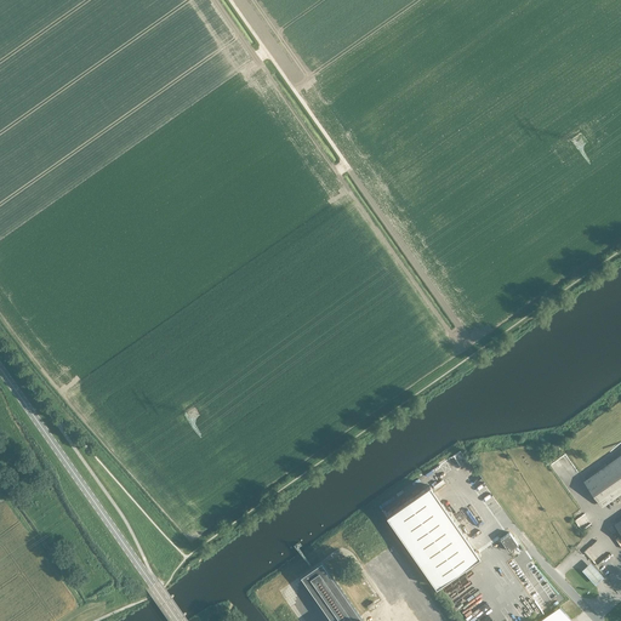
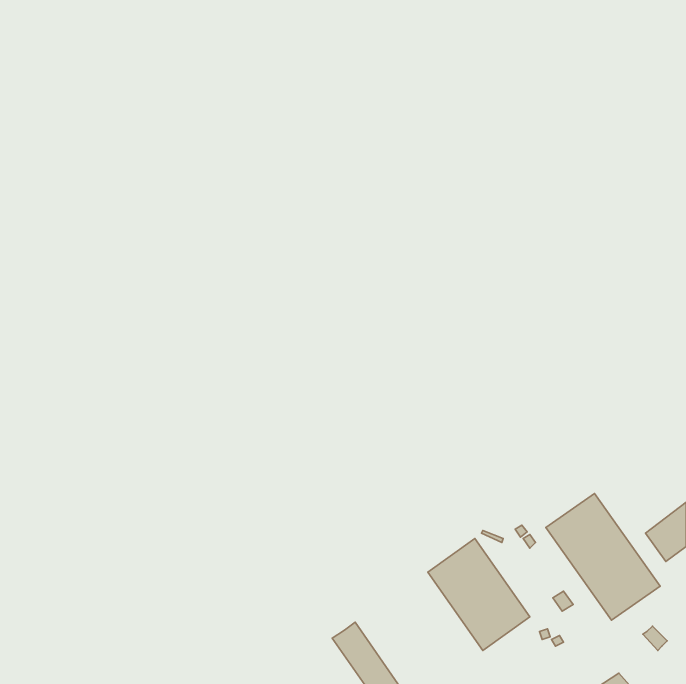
building: none -> [546,493,660,620]

